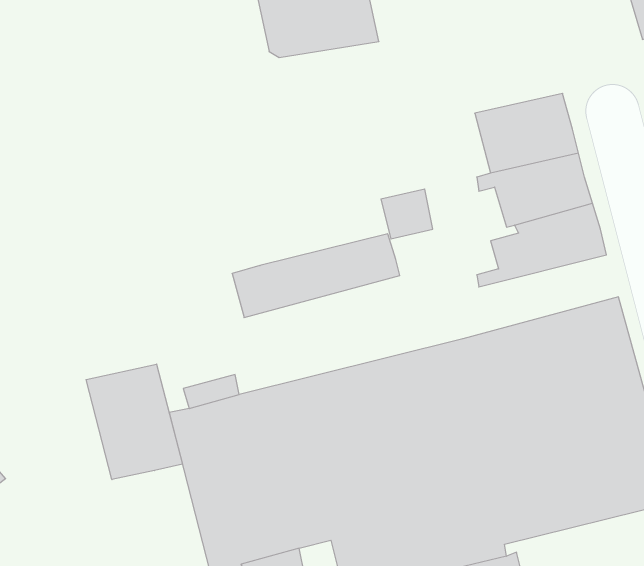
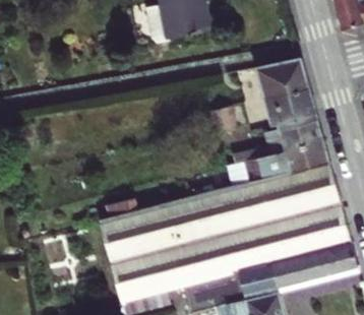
building: [232,234,400,318] -> [244,140,329,183]
building: [86,364,182,480] -> none

